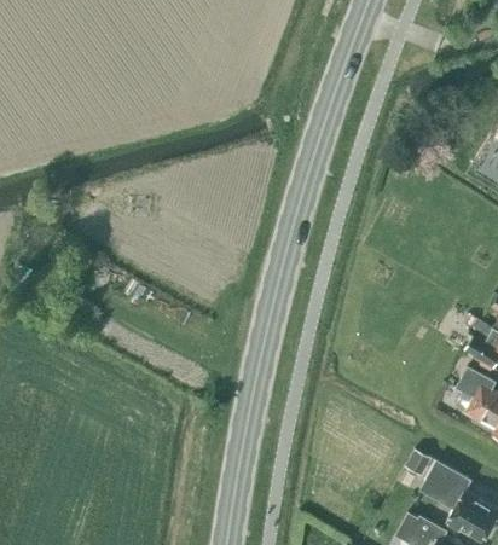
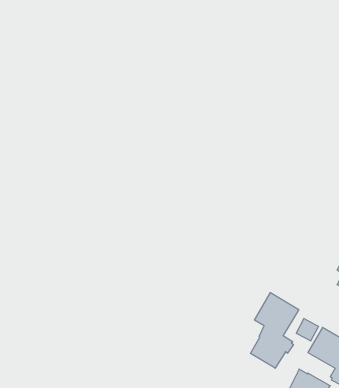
building: none -> [250,293,299,368]

